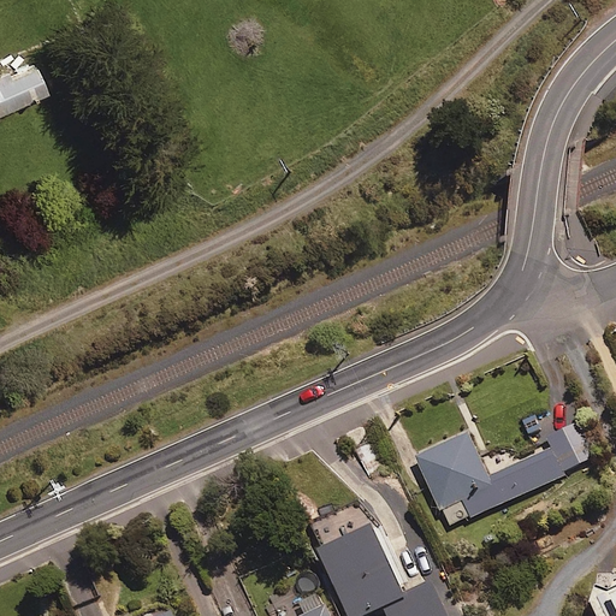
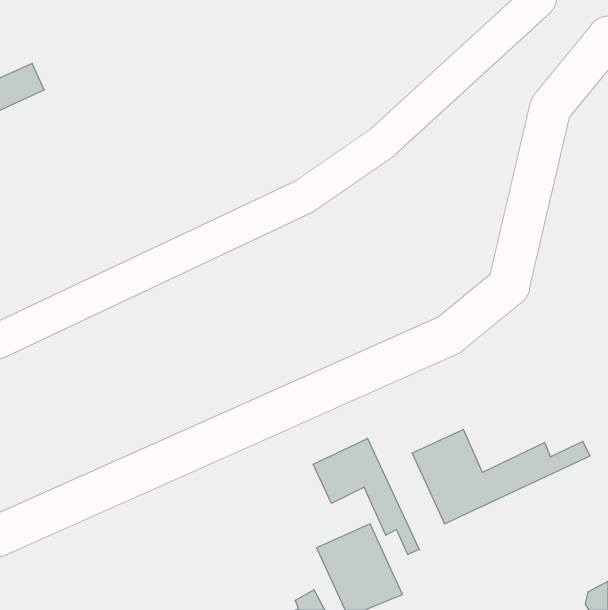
building: none -> [313,438,419,555]

